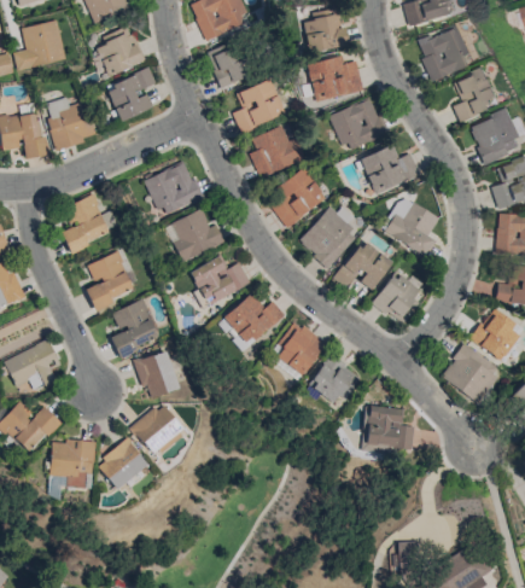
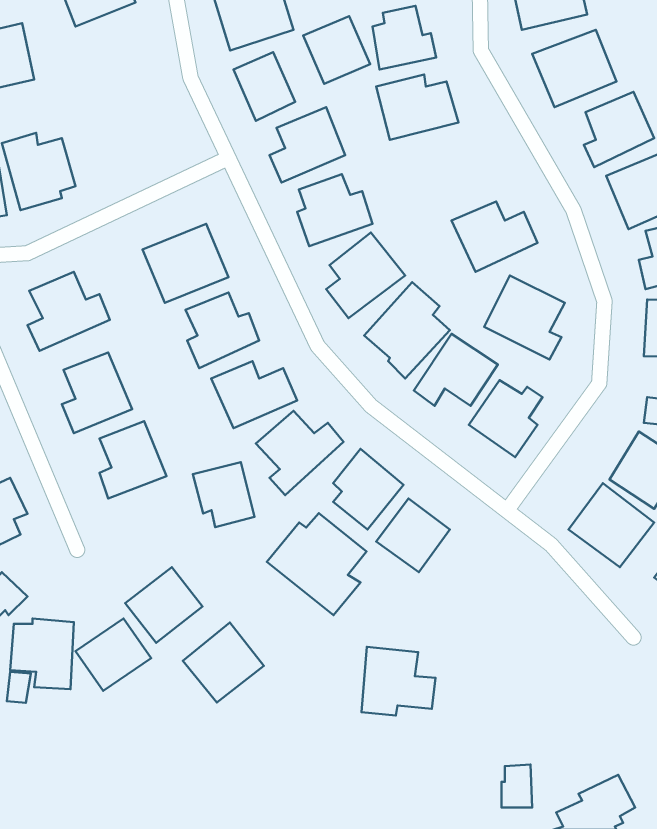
building: none -> [303,16,370,84]
building: [93,24,144,78] -> none
building: [106,69,157,121] -> none
building: [329,97,386,152] -> none
building: [134,351,177,397] -> [193,462,255,527]
building: none -> [267,513,367,615]
building: [363,404,415,453] -> [362,647,435,716]
building: none -> [183,622,264,702]

